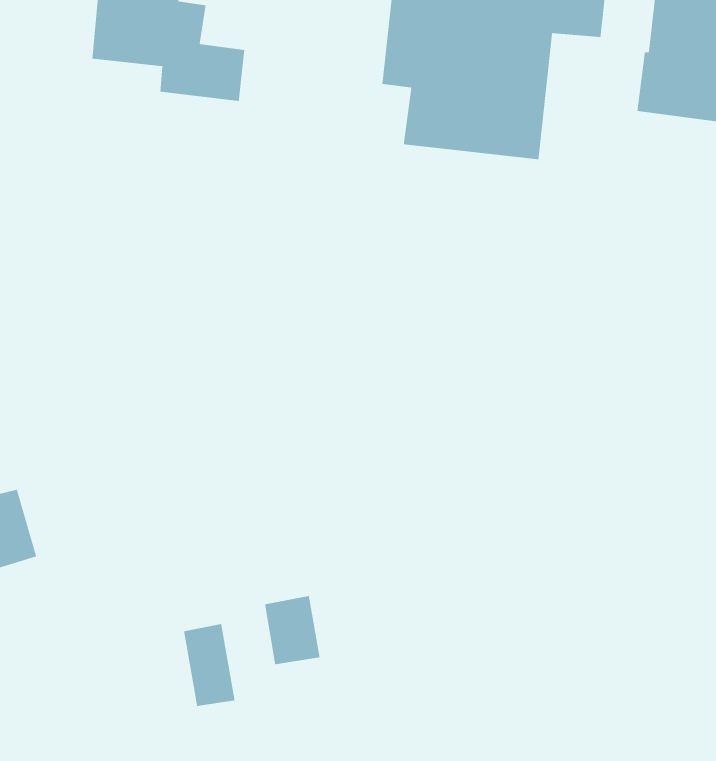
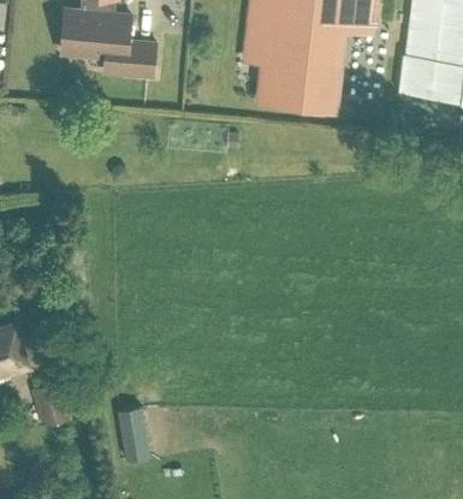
building: none -> [31,376,72,423]
building: [264,595,321,665] -> none

